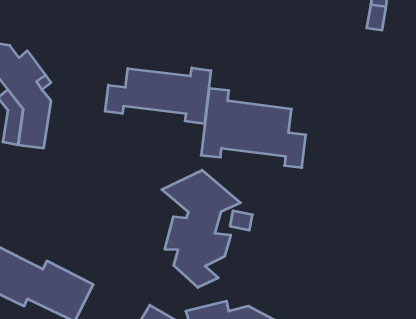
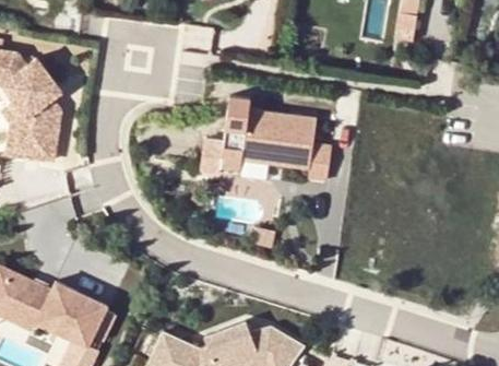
building: [105,68,211,124] -> none
building: [162,170,241,288] -> none

